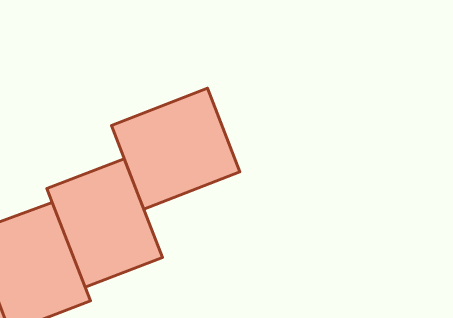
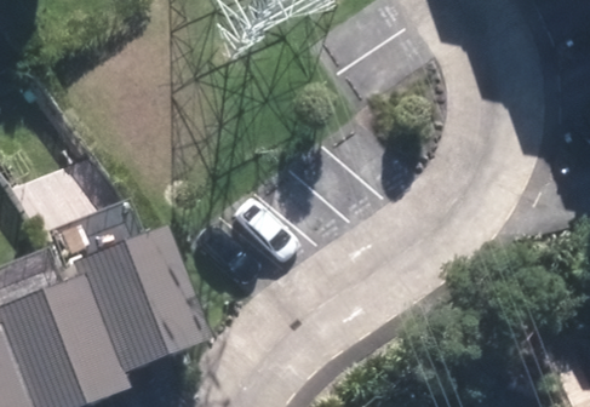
building: [111,88,240,209] -> none

